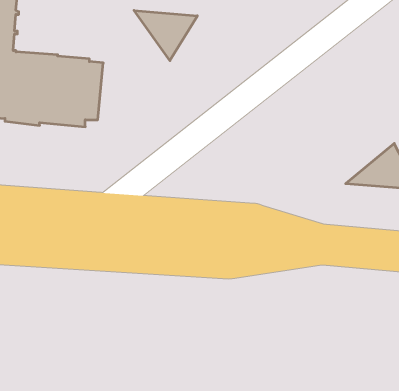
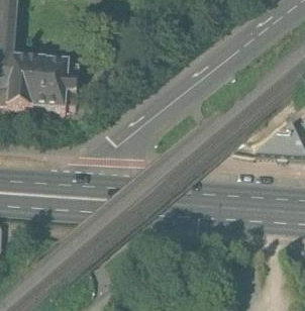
building: [134,10,197,61] -> none

